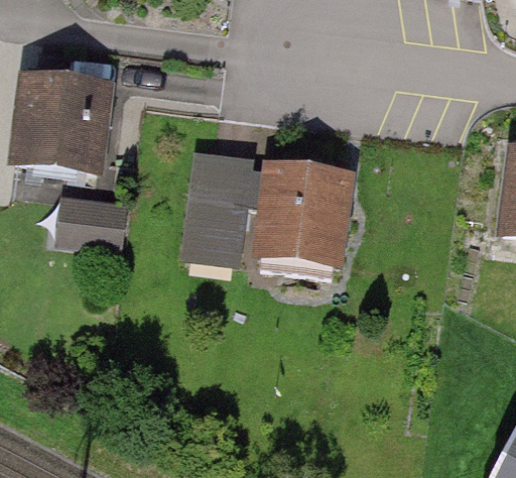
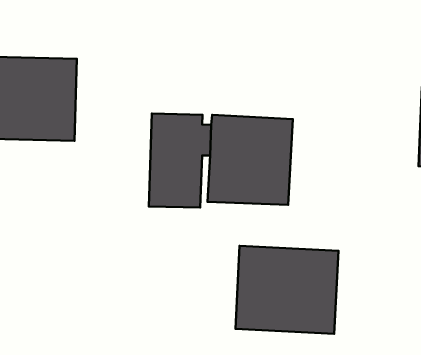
building: [56,195,129,252] -> none
building: none -> [235,246,338,334]

